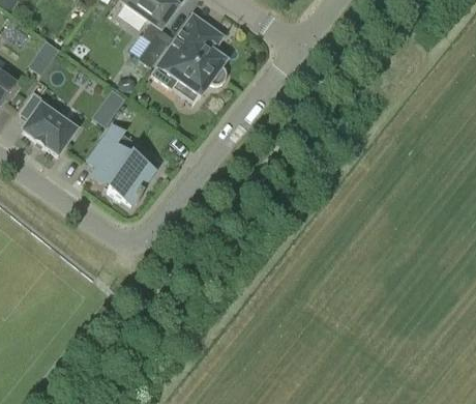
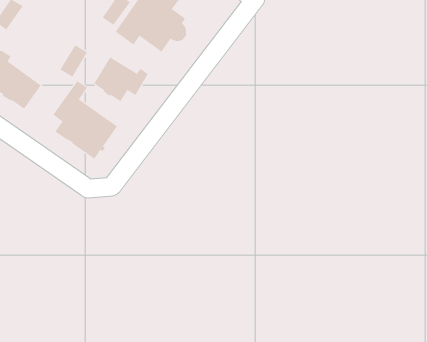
building: none -> [93,57,149,102]

